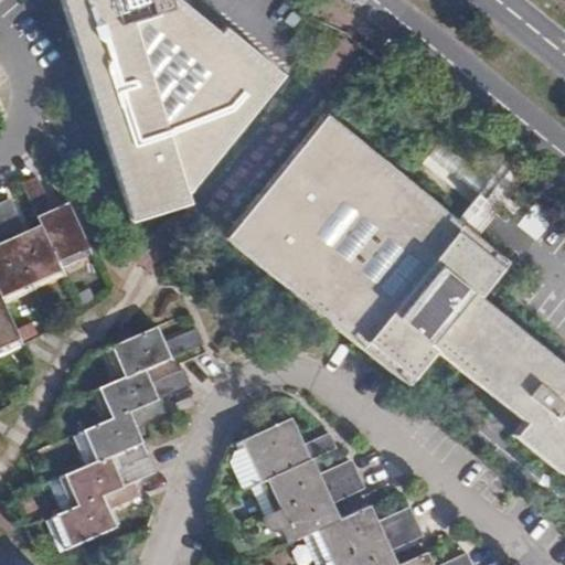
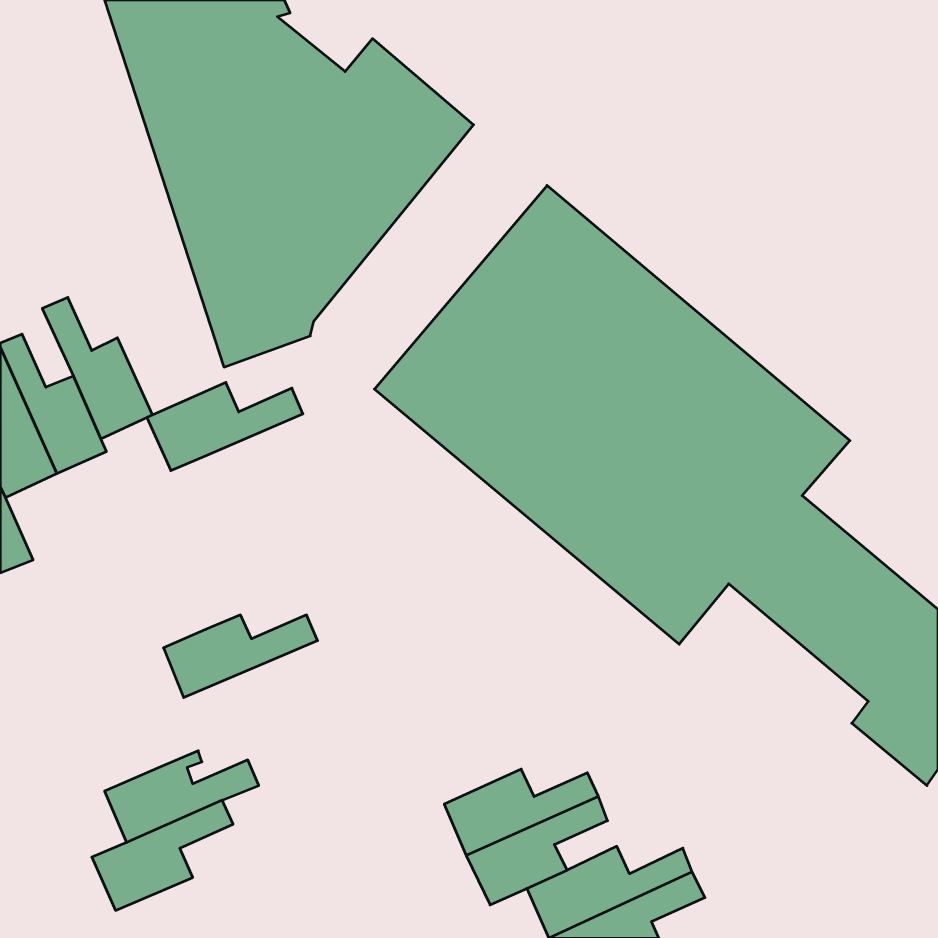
building: [109,326,203,379] -> [147,382,303,471]
building: [83,397,168,461] -> none
building: [230,423,337,494] -> none

